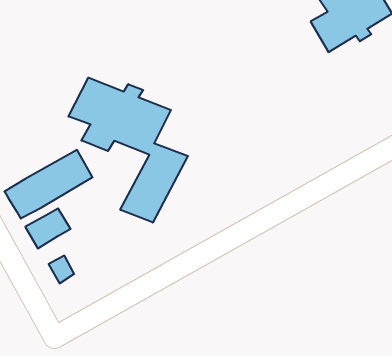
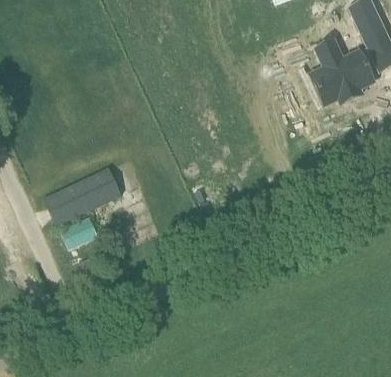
building: [68,78,188,223] -> none

